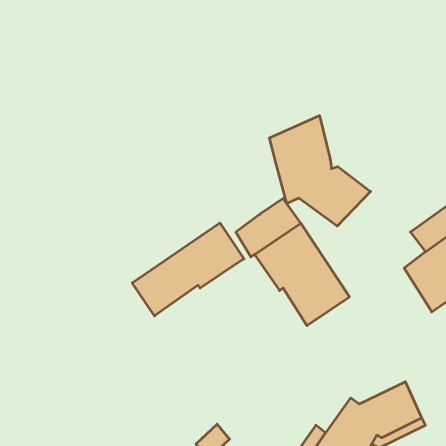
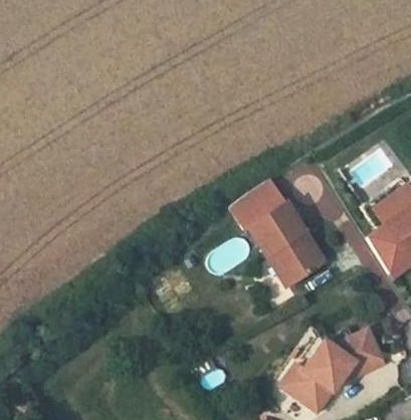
building: [269,116,371,226] -> none
building: [132,223,244,316] -> none

